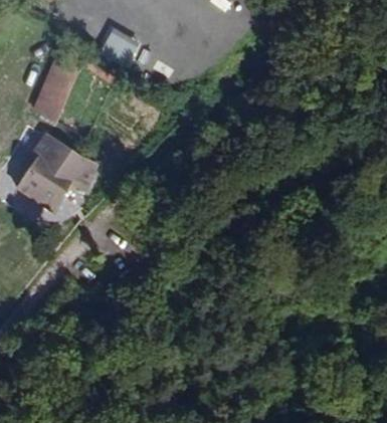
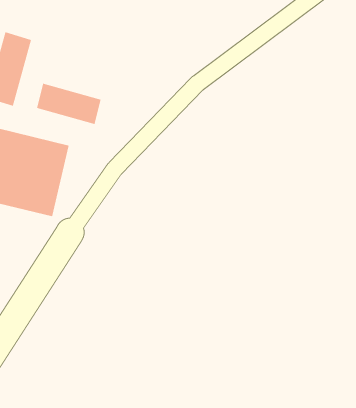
building: none -> [36,83,101,125]

